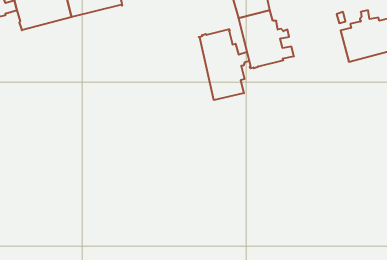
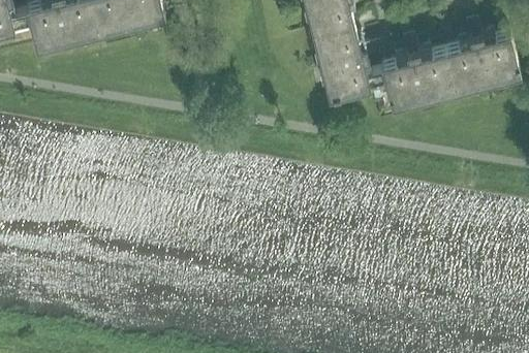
building: none -> [380,38,455,104]
building: [199,29,249,100] -> none

